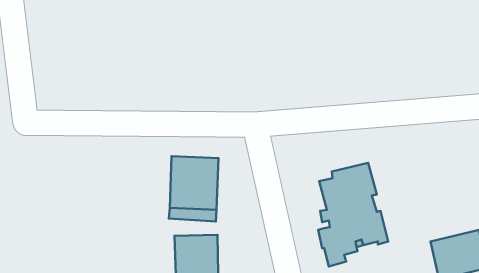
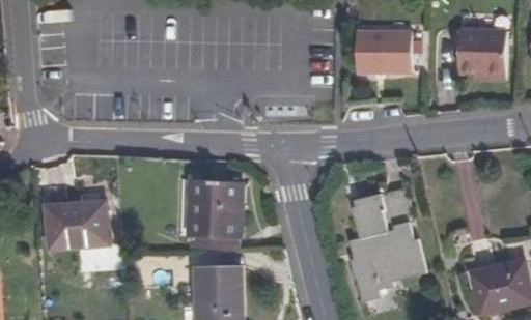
building: none -> [458,28,506,81]
building: none -> [356,31,412,72]
building: none -> [46,201,109,249]

